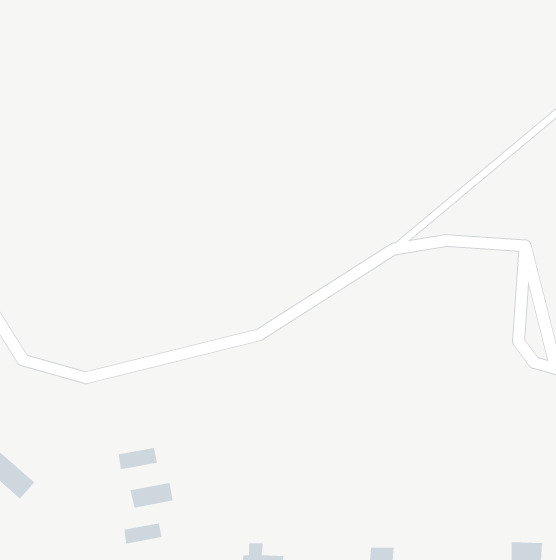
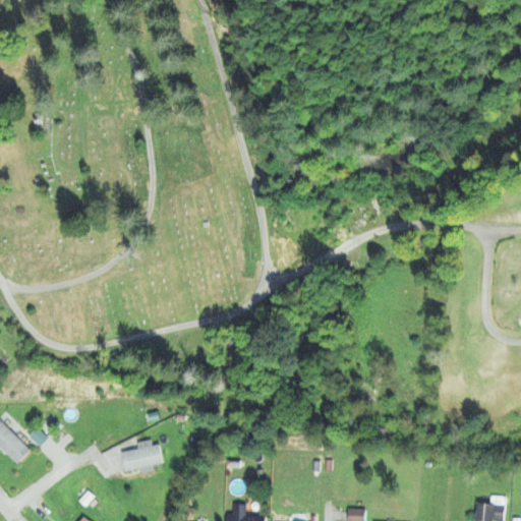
building: [118,447,158,470] -> none
building: [123,523,163,545] -> none

